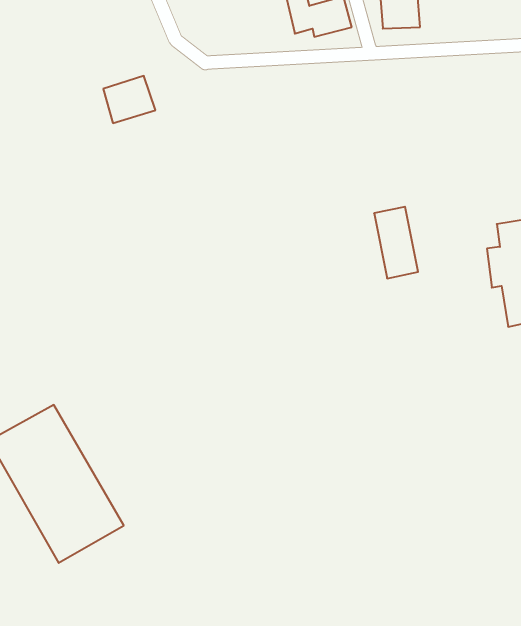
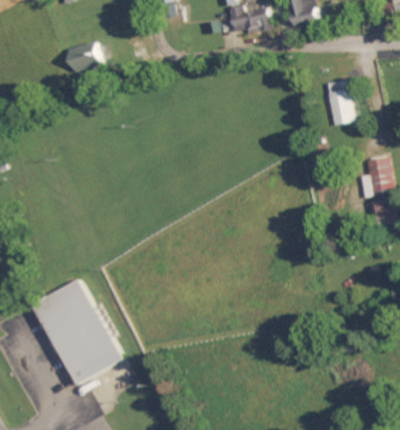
building: [103,76,155,123] -> [68,40,103,71]
building: [374,207,418,278] -> [327,78,357,126]

